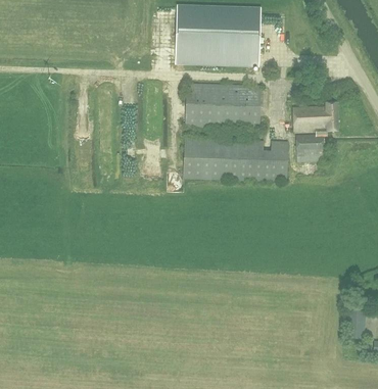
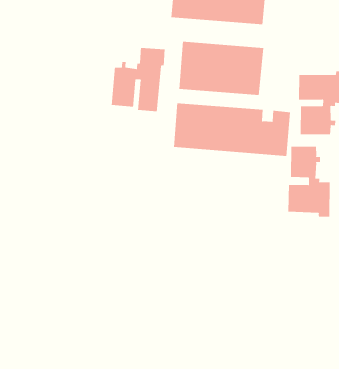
building: none -> [111,47,165,112]
building: none -> [288,146,330,217]

